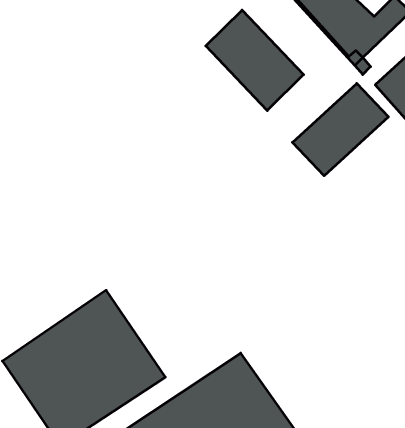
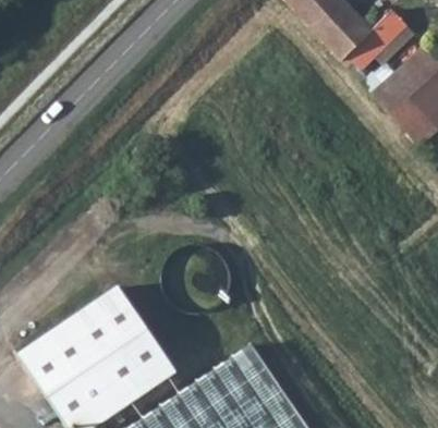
building: [206,10,304,111] -> none
building: [292,83,388,176] -> none

